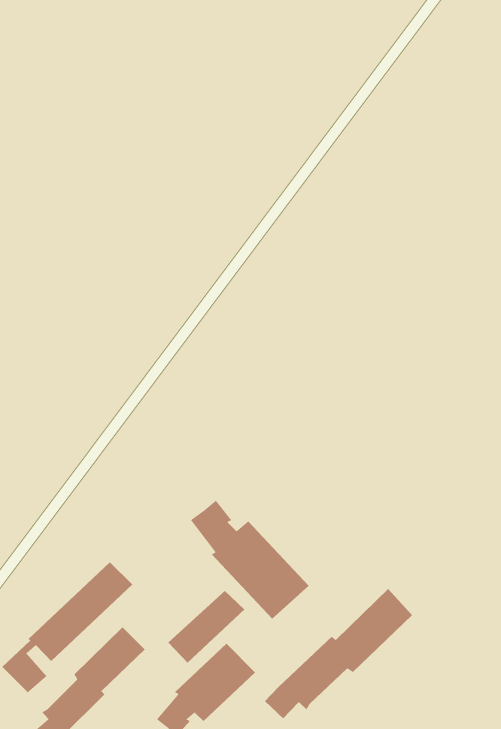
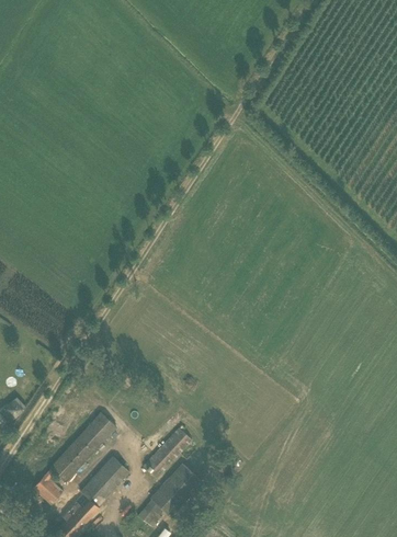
building: [190,500,310,620] -> none
building: [264,588,413,719] -> none

